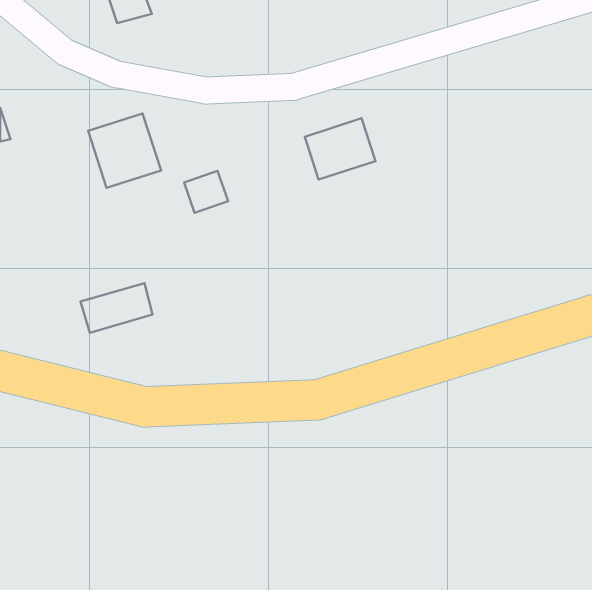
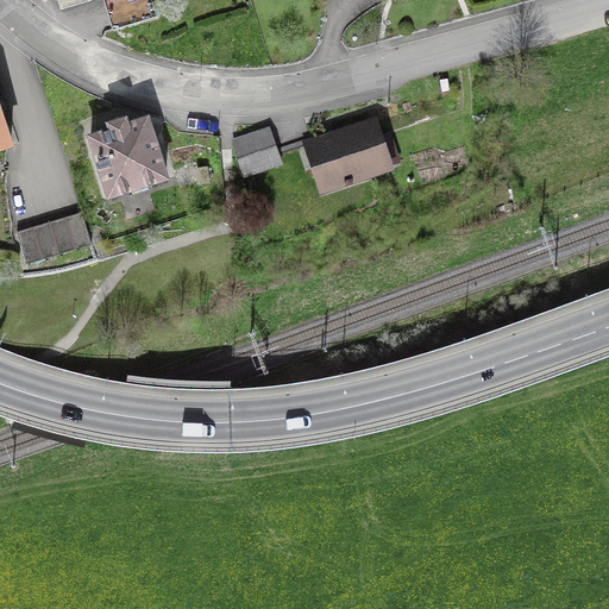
building: [184,171,228,213] -> [233,128,278,171]
building: [81,283,152,333] -> [17,211,90,262]

